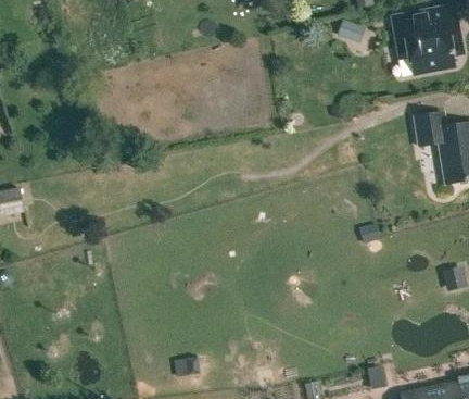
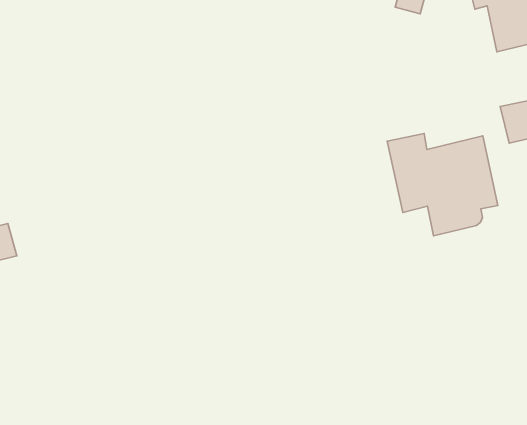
building: none -> [387,134,498,236]

